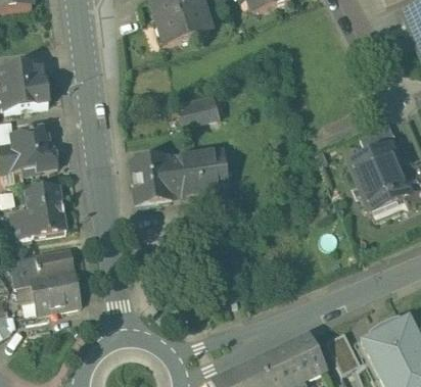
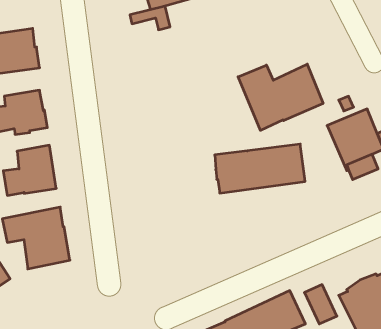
building: [177,94,219,118] -> [130,6,170,30]
building: none -> [238,64,323,130]
building: [133,149,227,200] -> [215,144,305,193]

